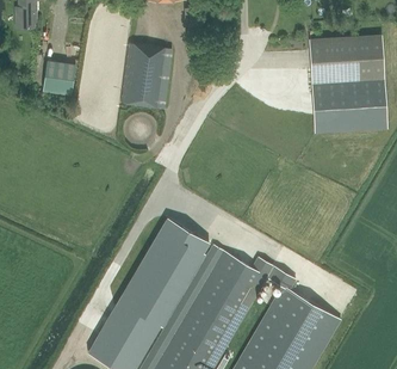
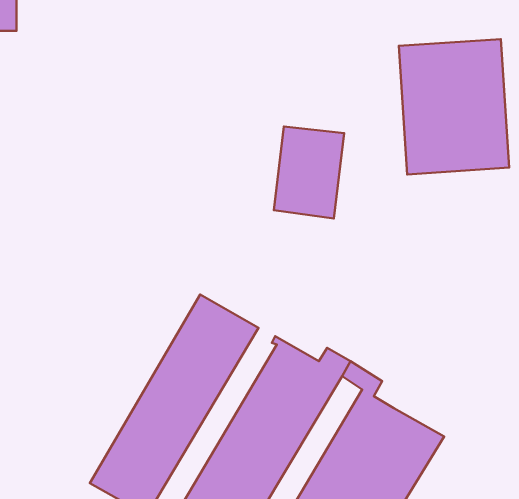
building: [120,43,170,109] -> [274,127,344,218]
building: [43,67,75,103] -> none

